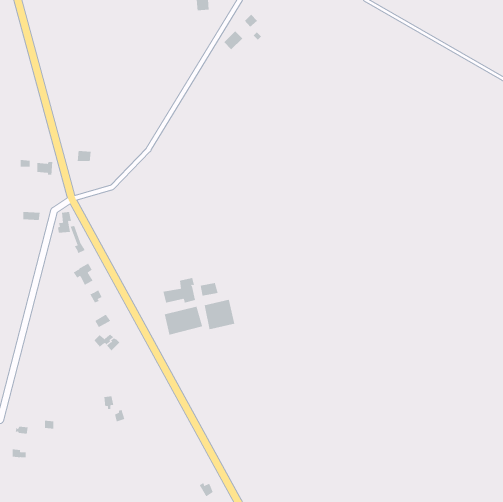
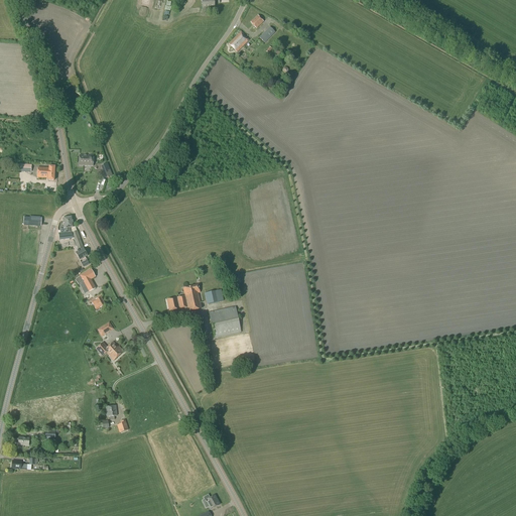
building: [164,306,203,335] -> none

